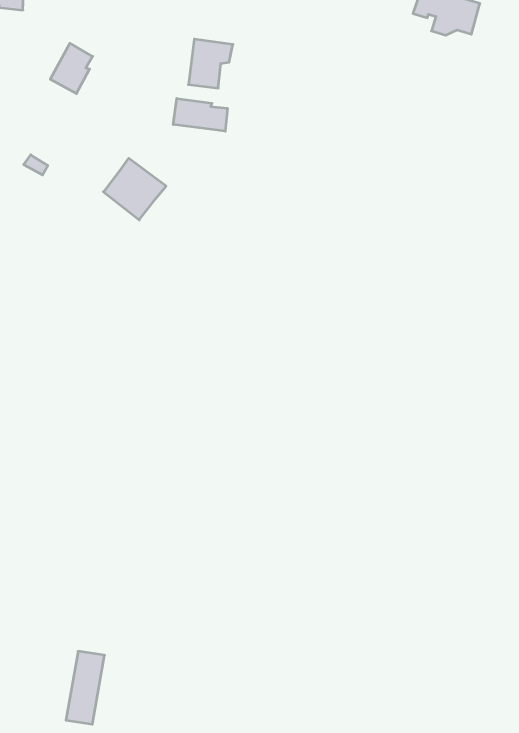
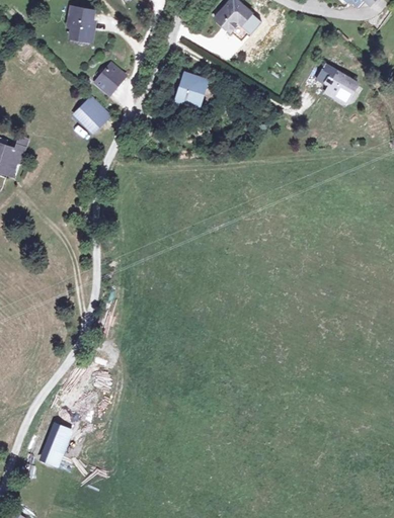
building: [173,98,227,131] -> none
building: [103,158,166,220] -> [73,95,110,133]

